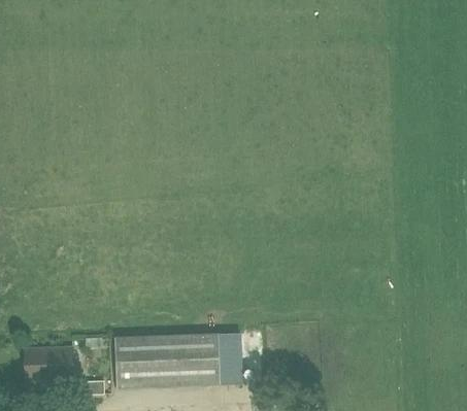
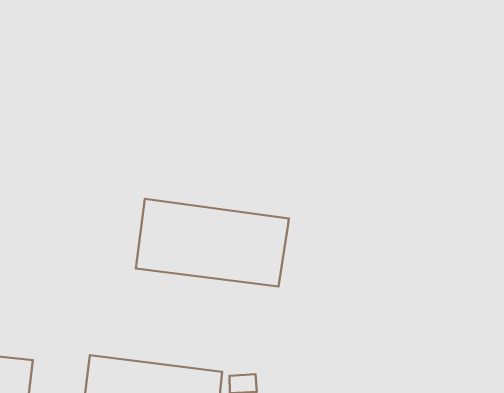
building: none -> [136,199,289,286]

